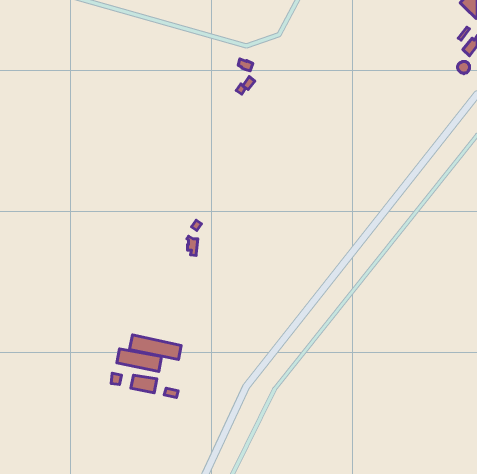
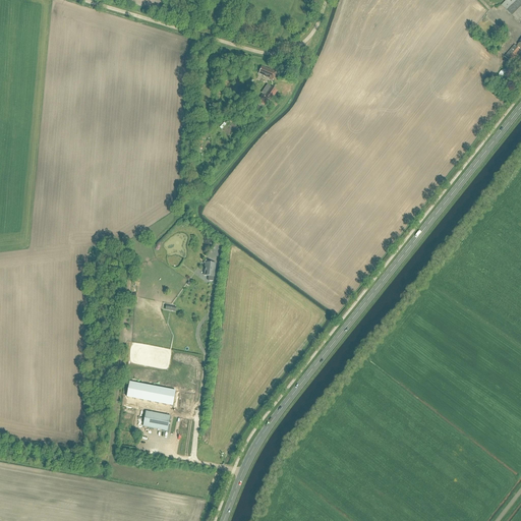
building: [129,335,181,359] -> none

